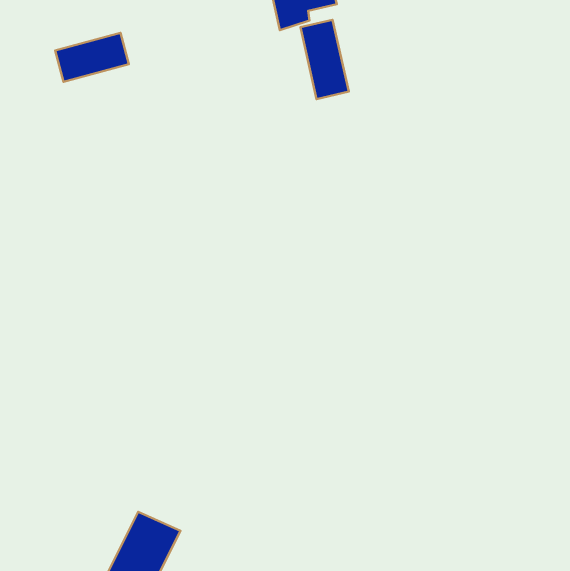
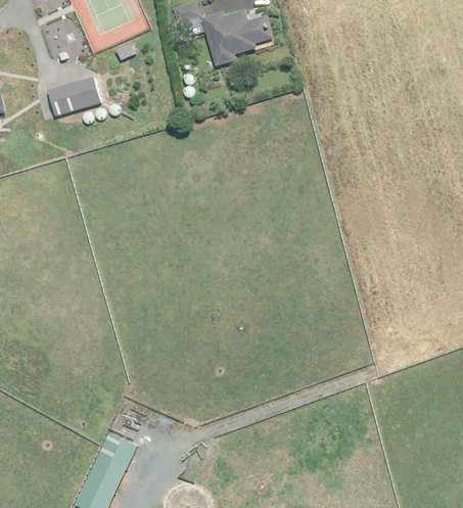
building: [300,20,349,99] -> none

